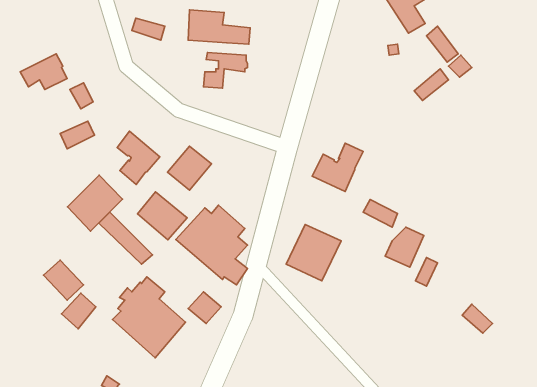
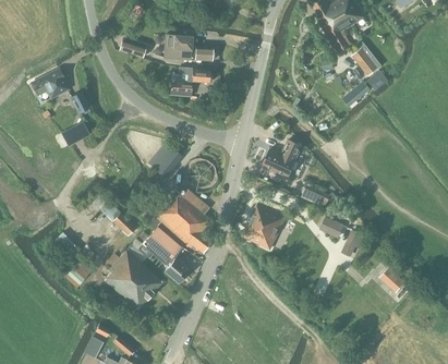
building: [117,131,160,184] -> none
building: [67,175,122,231] -> none
building: [137,192,187,240] -> [142,226,181,264]

